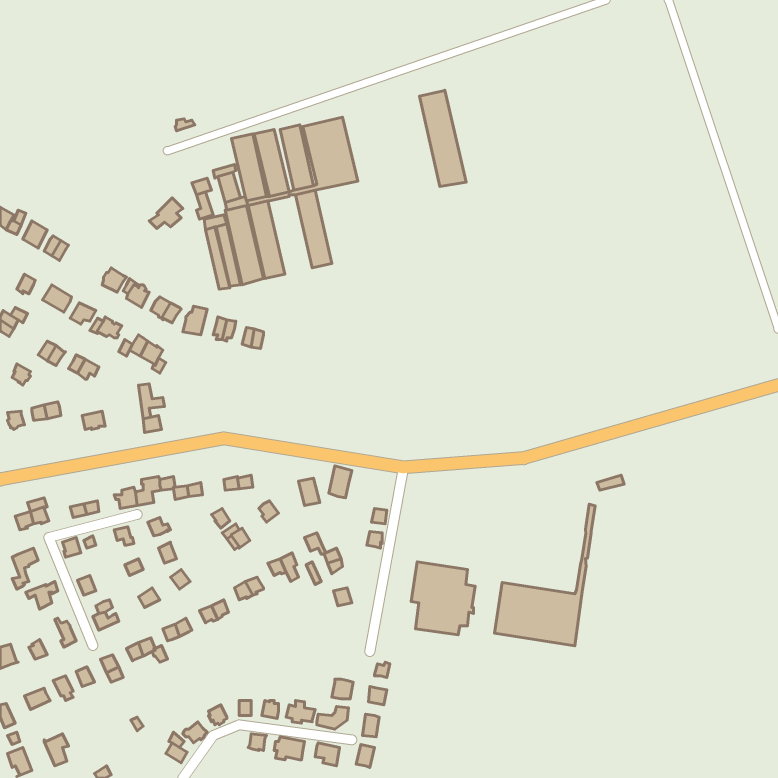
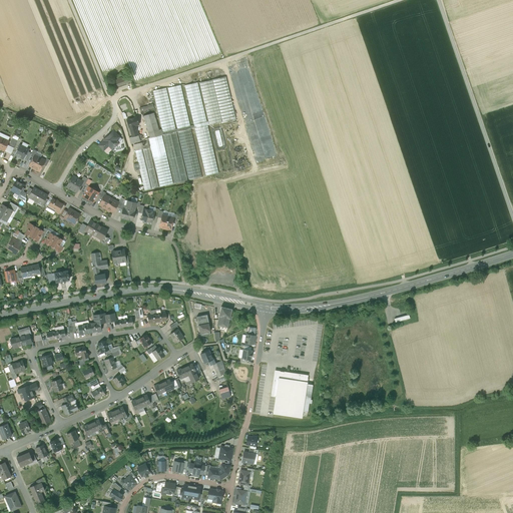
building: [419,90,466,186] -> none
building: none -> [177,128,202,180]
building: [495,504,595,646] -> none

